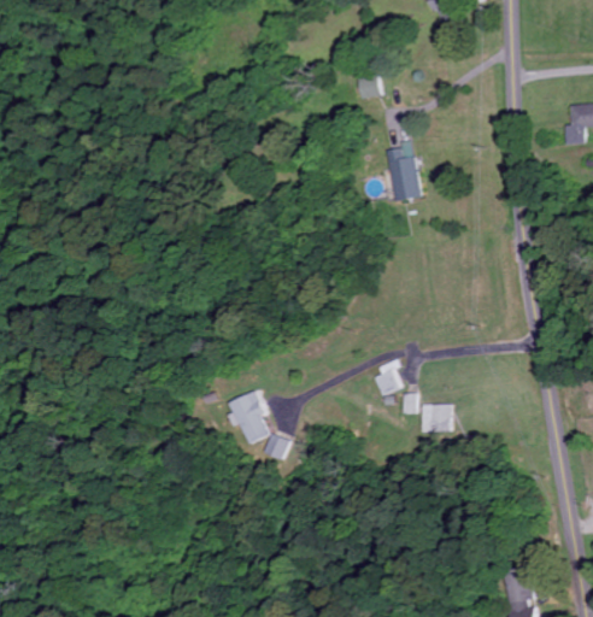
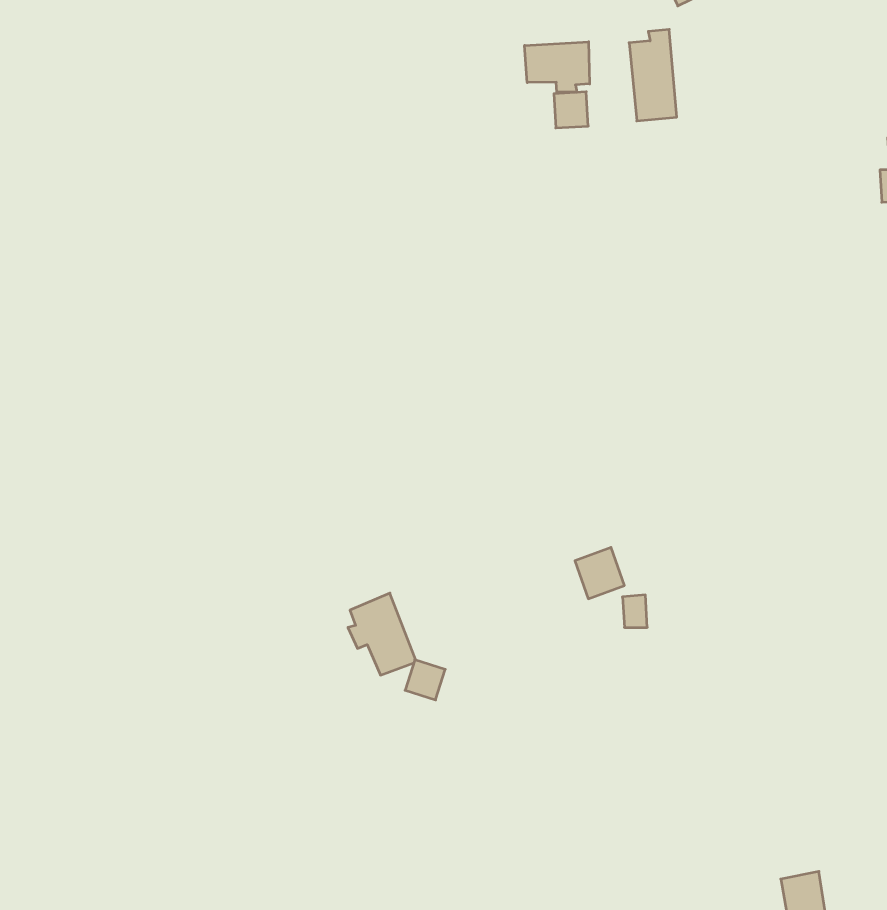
building: none -> [525,42,590,92]
building: [389,141,419,199] -> [629,29,677,121]
building: [422,404,452,433] -> none

